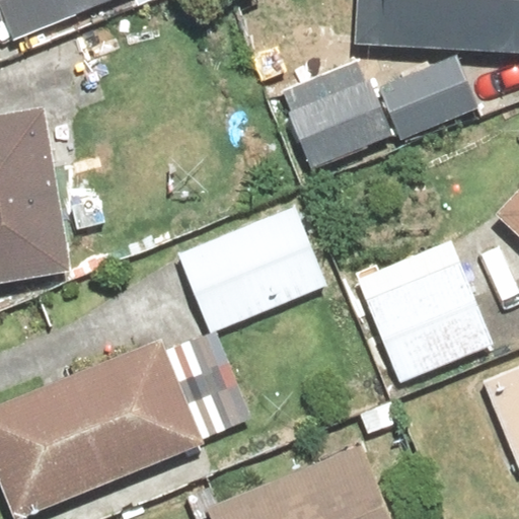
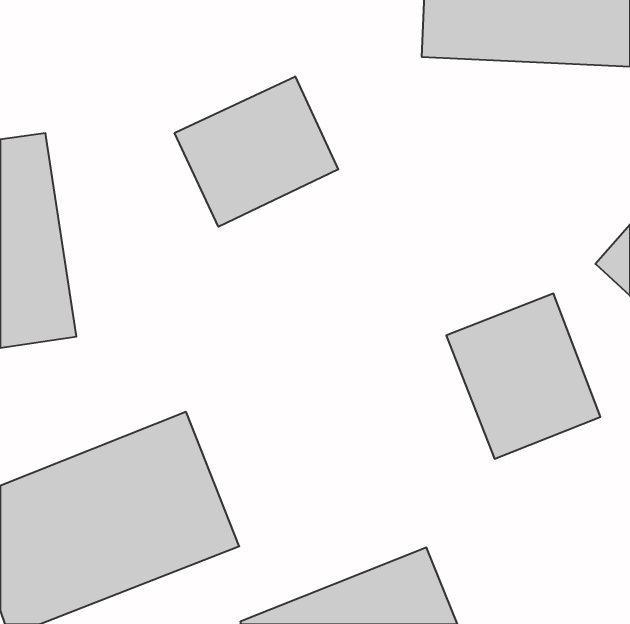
building: [280,52,492,170] -> none
building: none -> [175,76,338,227]
building: [187,205,339,331] -> none

